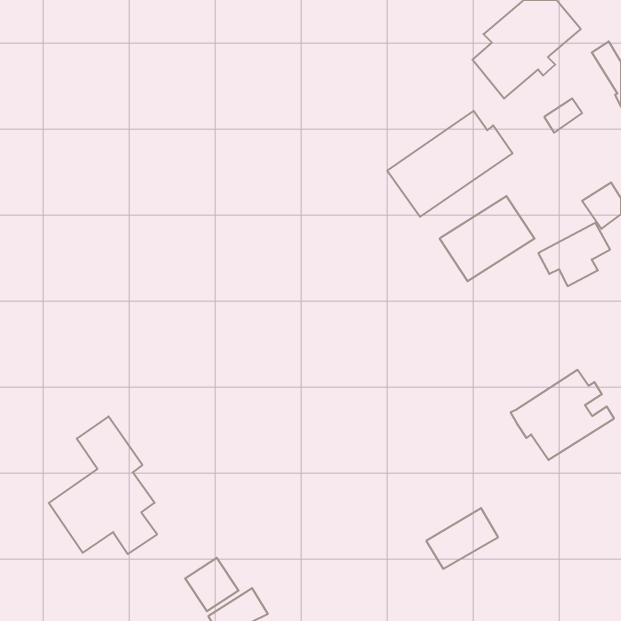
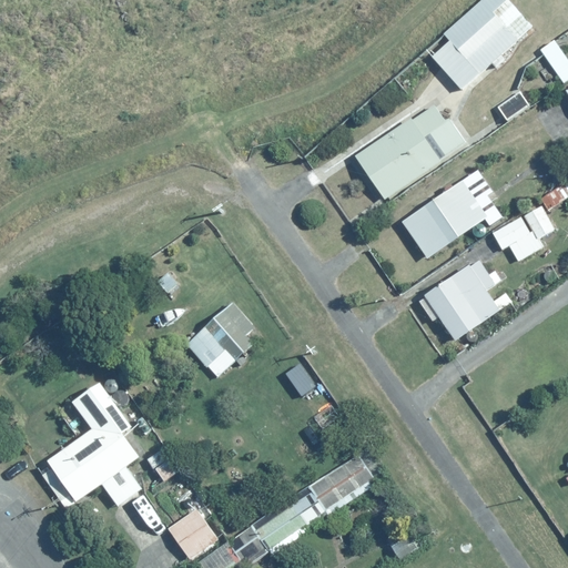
building: none -> [184,301,265,379]
building: [511,370,614,460] -> [417,258,511,341]
building: [426,508,498,569] -> [312,456,377,511]
building: none -> [257,497,318,548]

